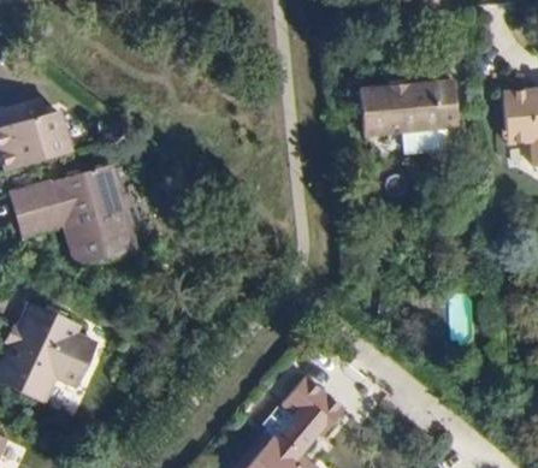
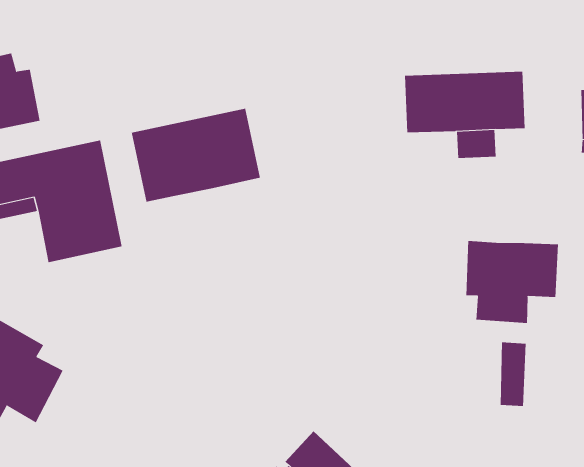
building: none -> [131,108,260,203]
building: none -> [466,240,558,324]

